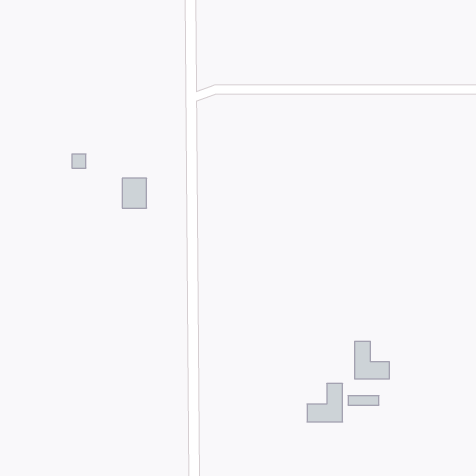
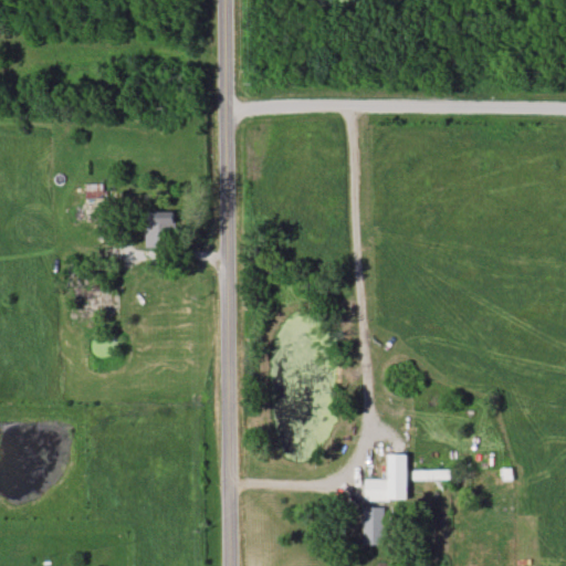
building: [355,341,389,379] -> none
building: none -> [363,506,382,545]

